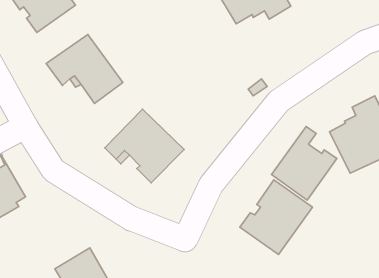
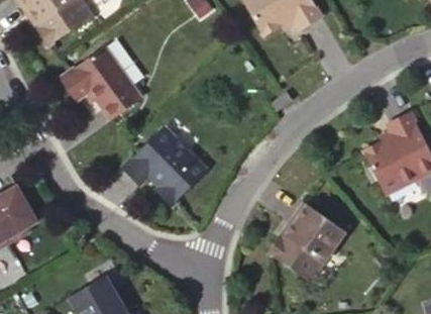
building: [272,127,337,200] -> none

